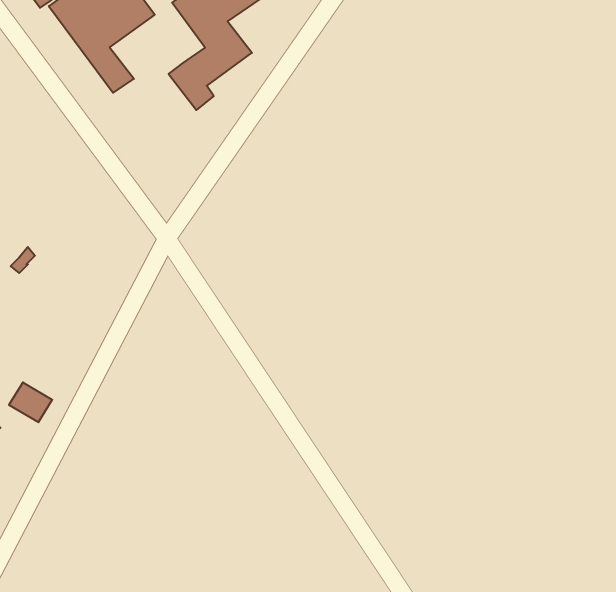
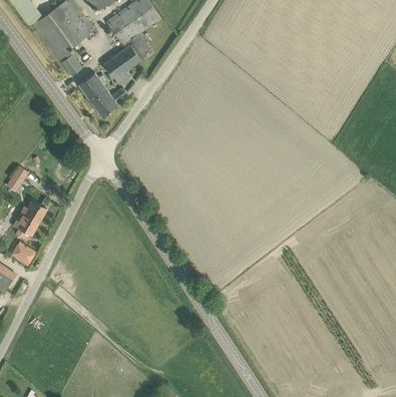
building: none -> [78,72,127,116]
building: none -> [15,200,47,240]

